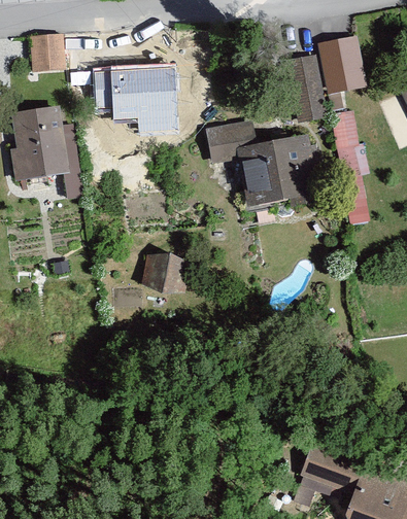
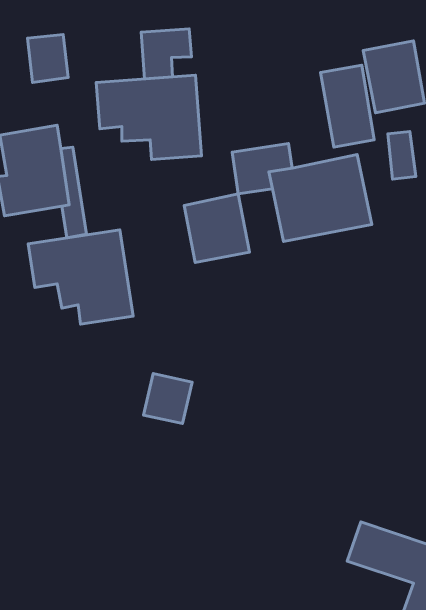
building: none -> [141,29,191,79]
building: none -> [184,194,250,263]
building: none -> [28,230,133,324]
building: [150,248,192,290] -> [143,373,192,424]

